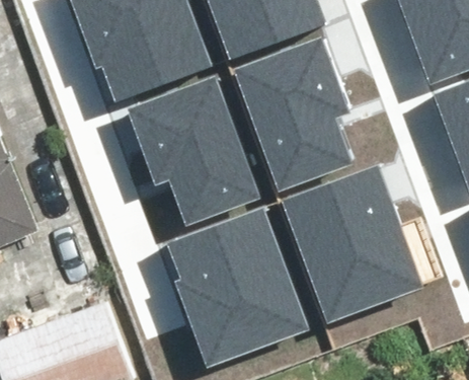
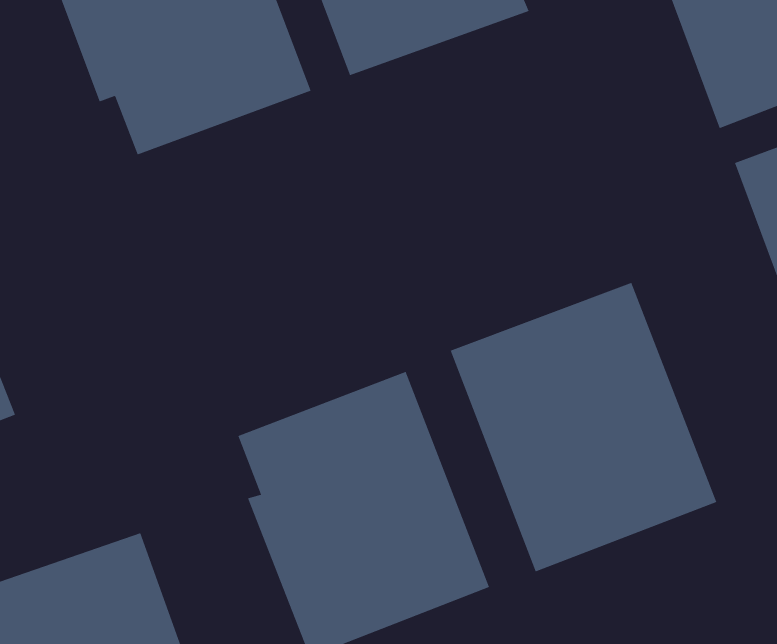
building: [233,36,353,185] -> none
building: [122,77,255,219] -> none

